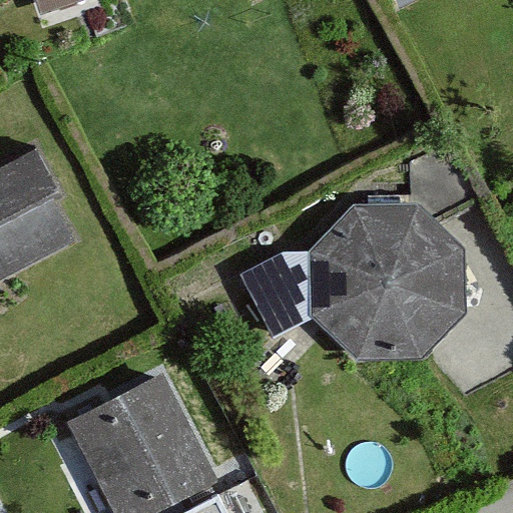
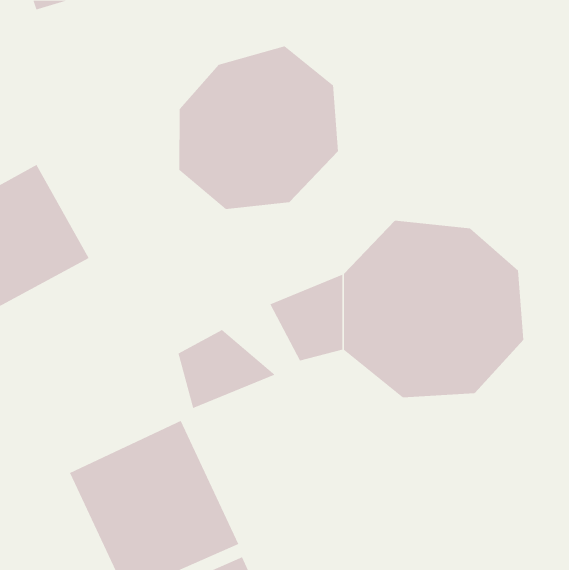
building: none -> [179,46,338,210]
building: none -> [178,329,276,409]

